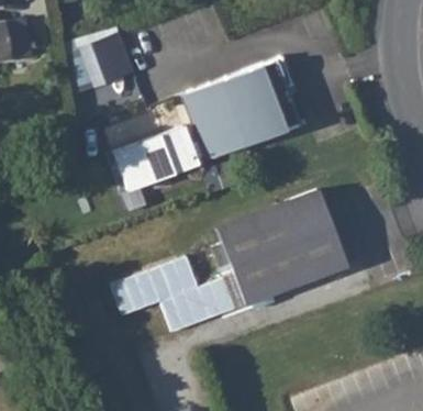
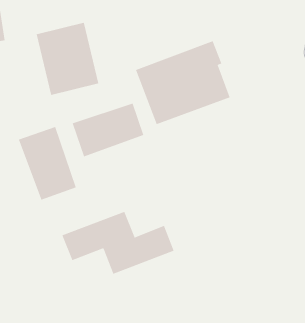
building: none -> [18,126,76,200]
building: [216,187,349,303] -> none

